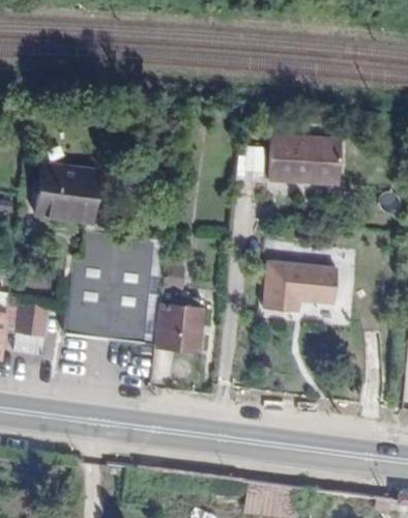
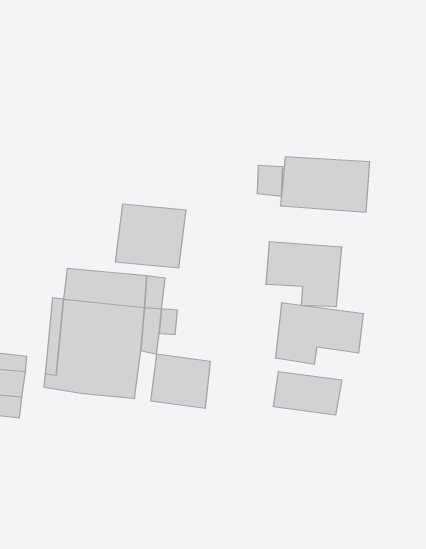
building: [35,164,95,218] -> [115,204,186,268]
building: none -> [266,242,342,307]
building: none -> [274,371,342,415]

